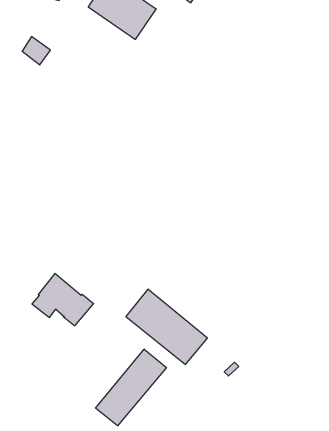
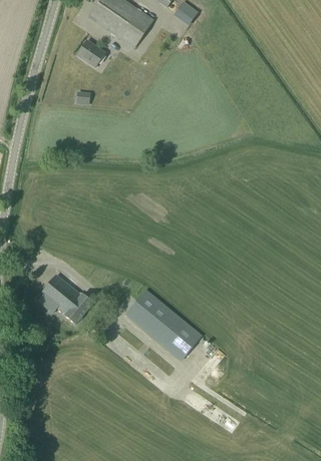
building: [22,37,50,65] -> [76,39,103,66]
building: [96,349,166,426] -> none

